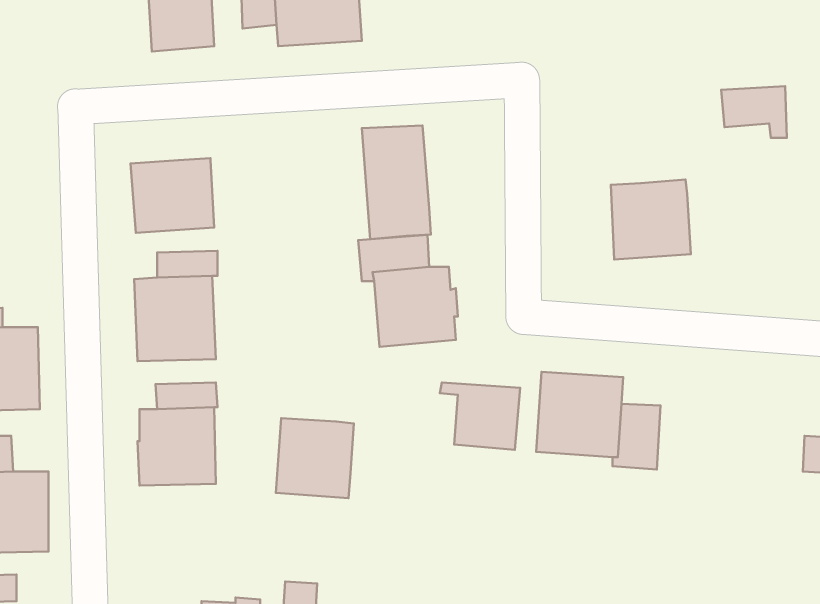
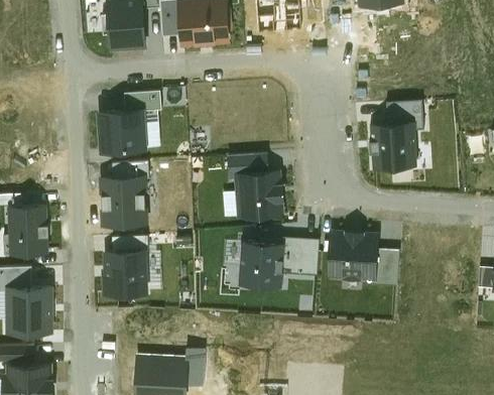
building: [721,86,787,138] -> [385,102,422,131]
building: [362,125,431,239] -> none
building: none -> [124,93,161,112]
building: [276,418,354,498] -> [239,242,283,287]

